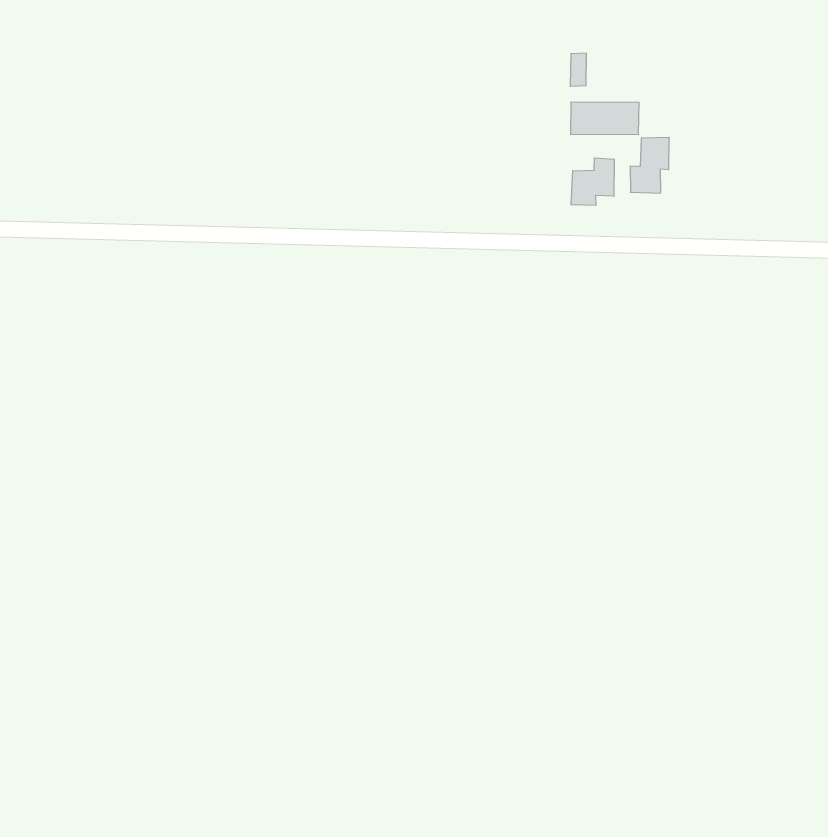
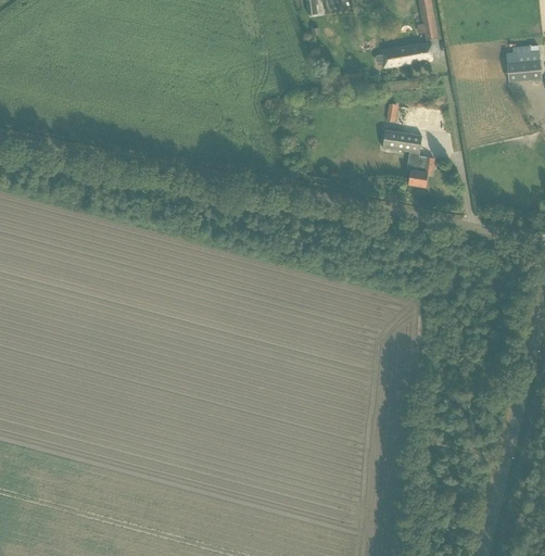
building: [571,158,614,205] -> none

